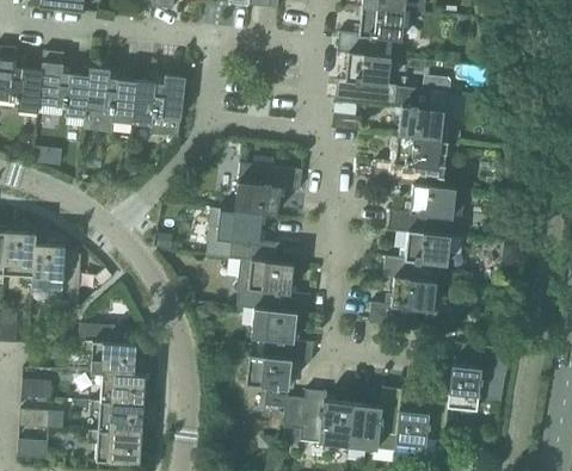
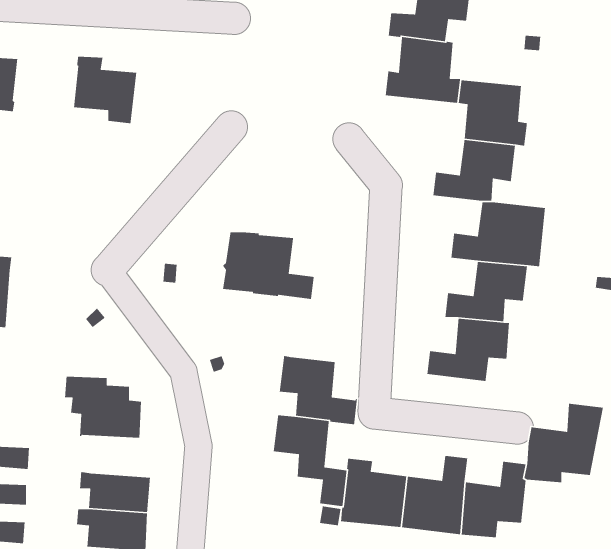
building: [38,51,90,118] -> none
building: [133,75,185,125] -> none
building: [235,163,302,216] -> none
building: [32,240,81,304] -> none
building: [236,260,310,315] -> none
building: [92,372,150,405] -> none

